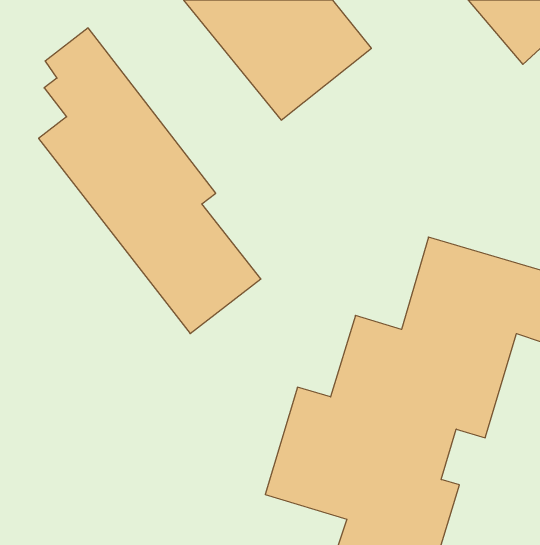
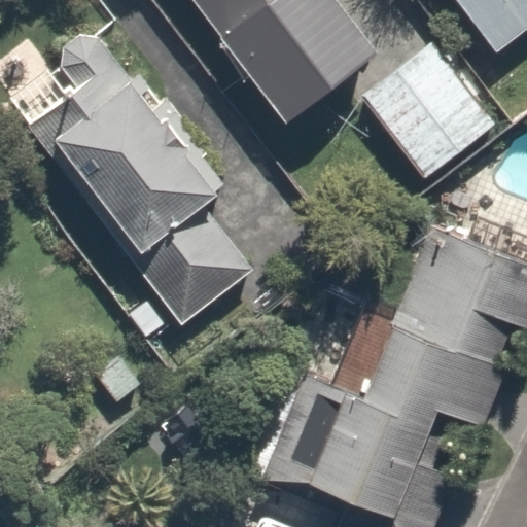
building: none -> [358,31,506,185]

